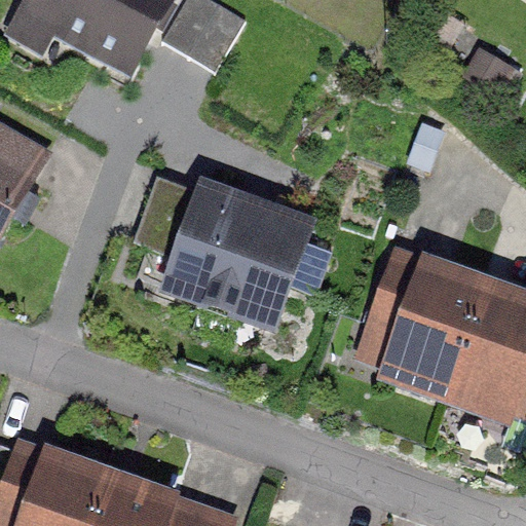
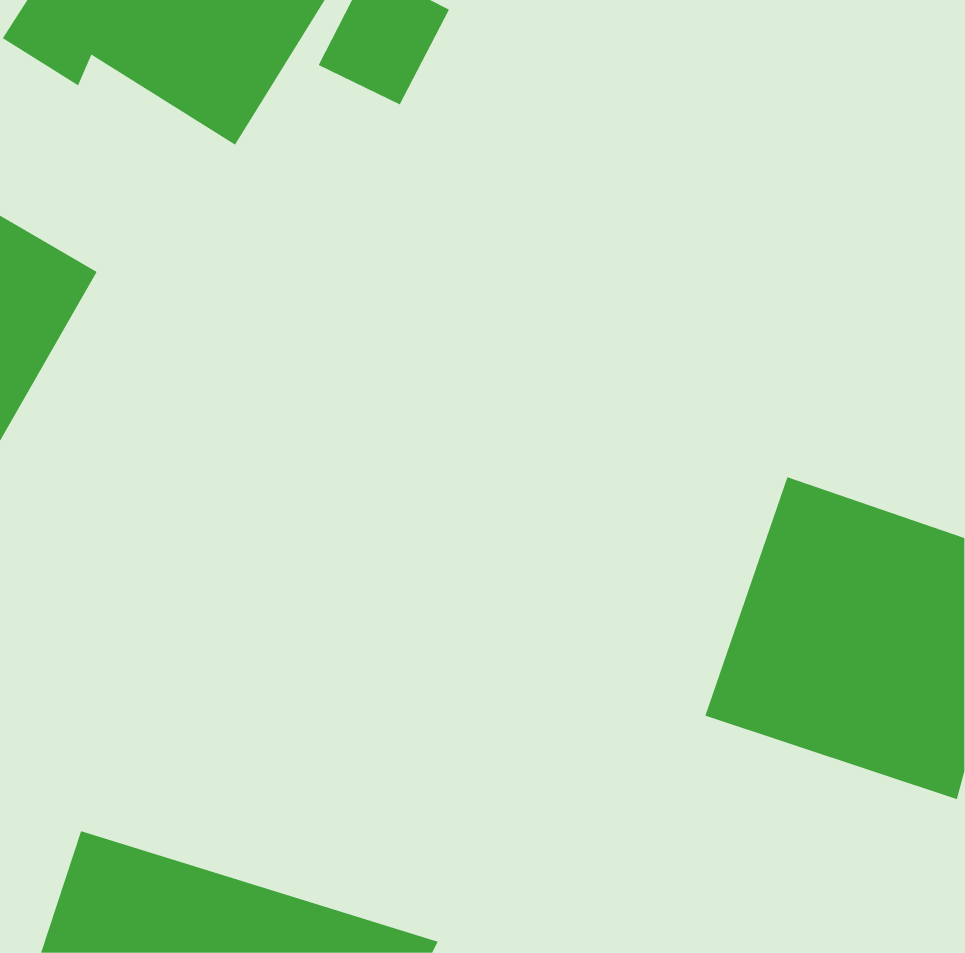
building: [157,180,312,333] -> none

